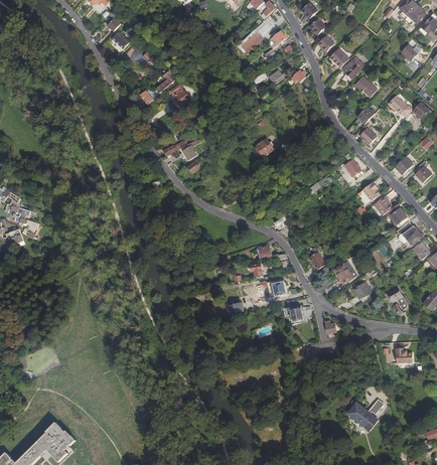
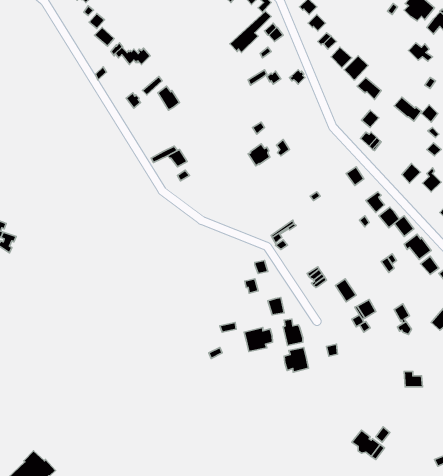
building: none -> [244,328,273,351]
building: none -> [284,348,309,372]

